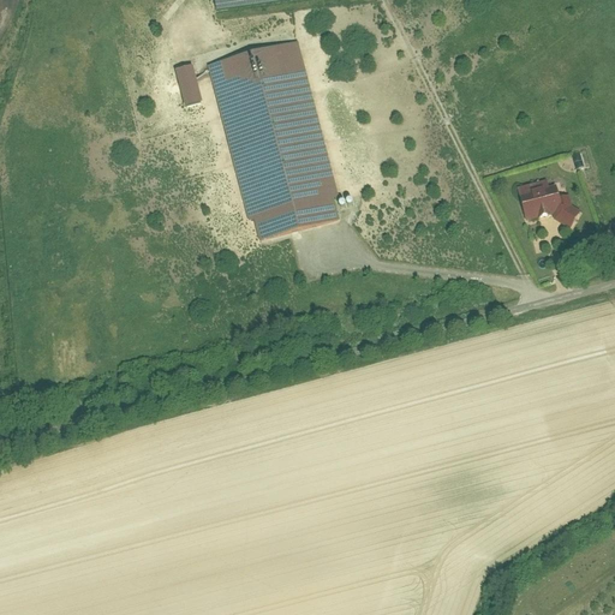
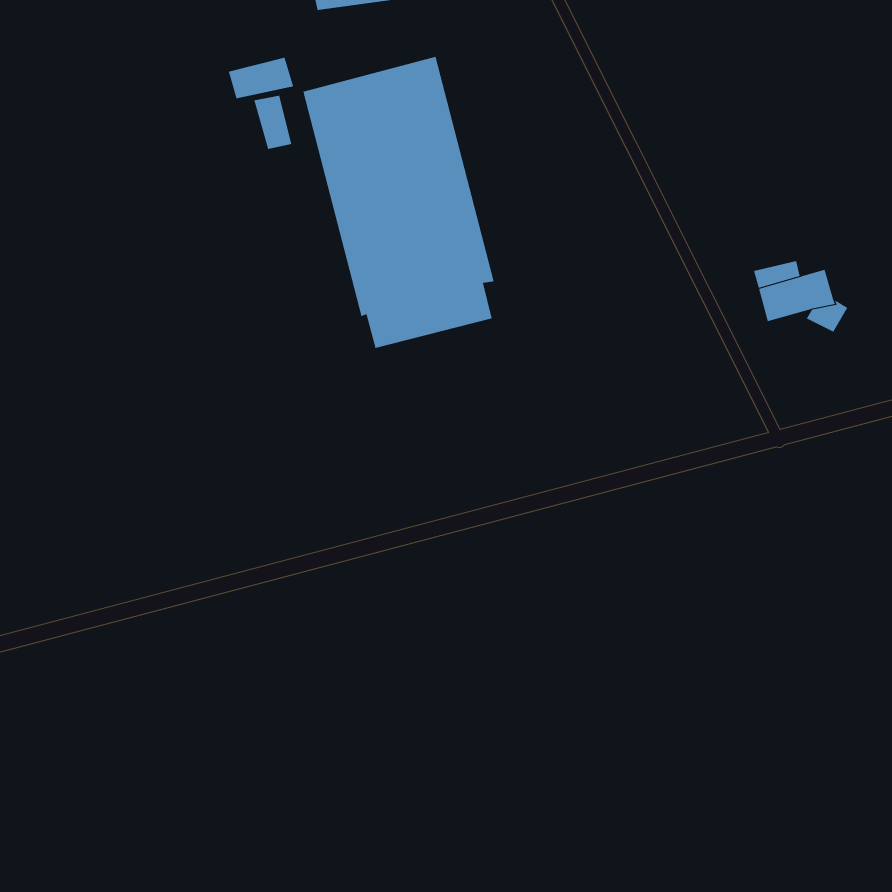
building: none -> [228,57,294,99]

